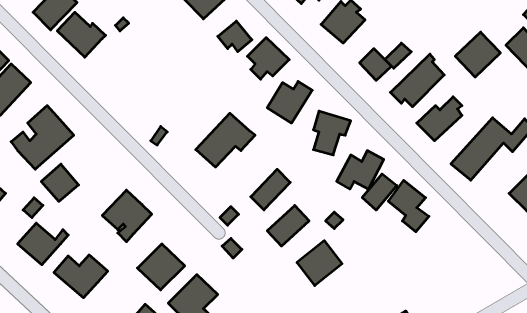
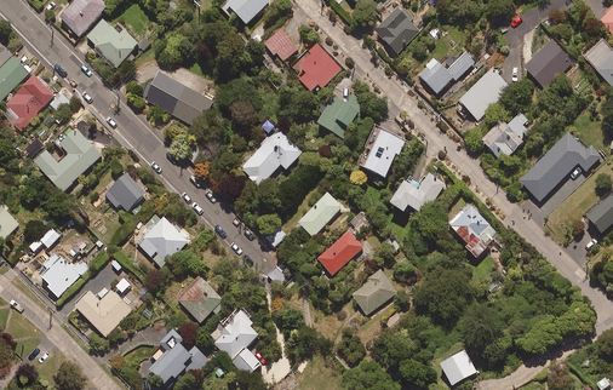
building: none -> [143,79,212,133]
building: [41,164,79,201] -> [105,170,147,211]
building: [362,174,397,210] -> none

